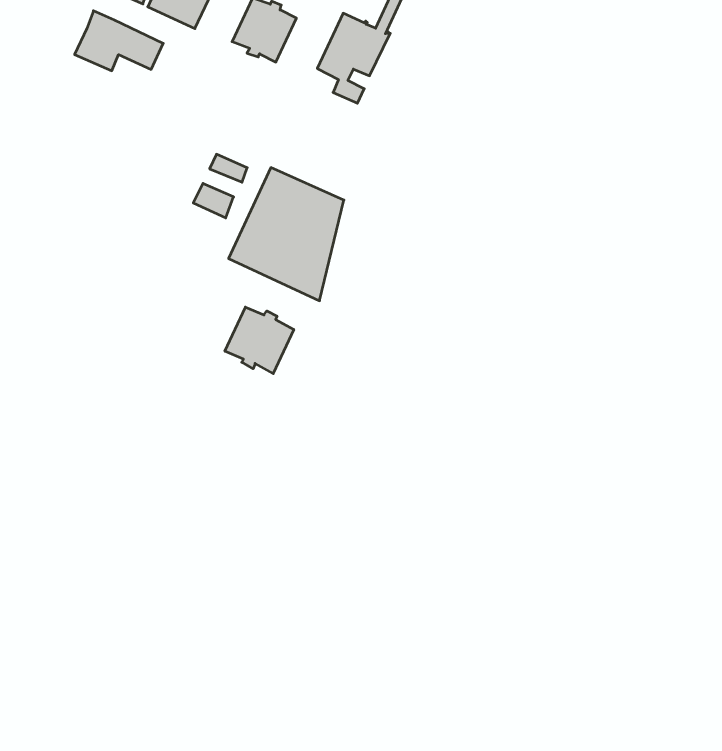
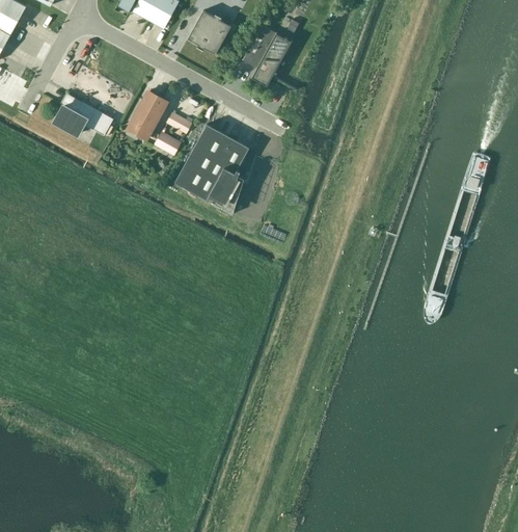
building: [75,11,163,71] -> [54,94,113,135]
building: none -> [128,90,166,137]
building: [225,307,294,374] -> none

